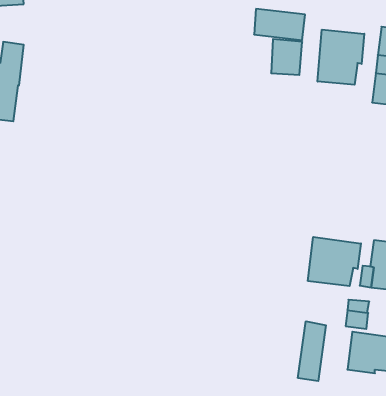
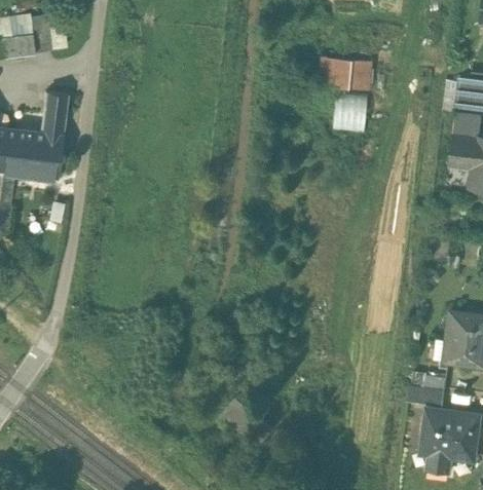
building: [318,30,364,85] -> none
building: [308,237,361,286] -> none
building: [298,321,326,381] -> none

